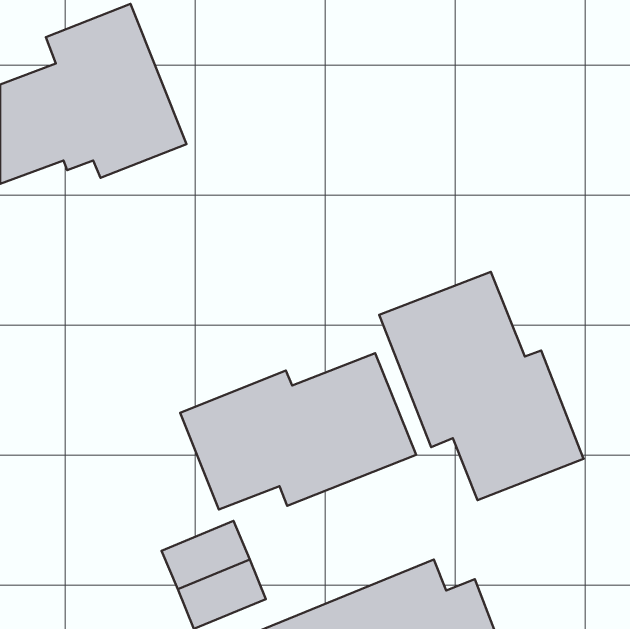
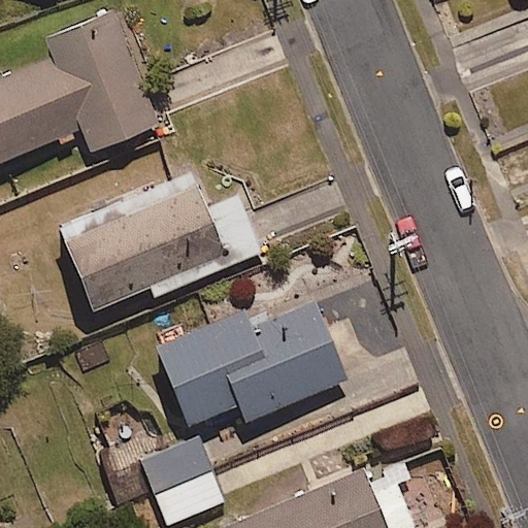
building: none -> [57,174,263,310]
building: [379,272,583,500] -> none

